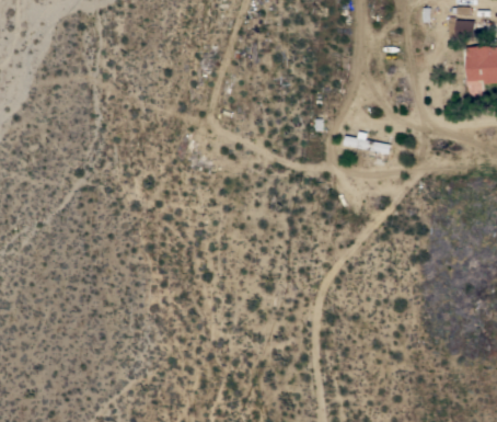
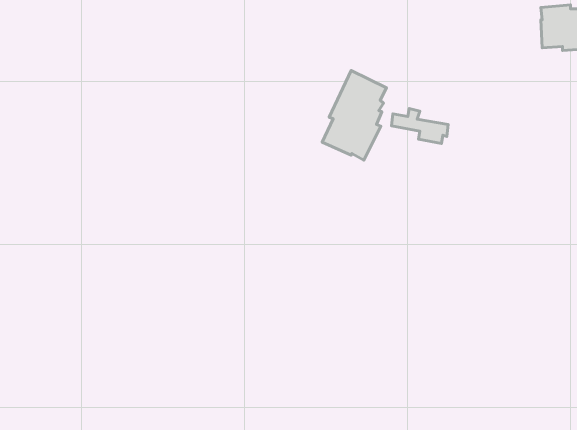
building: none -> [322,70,387,160]

